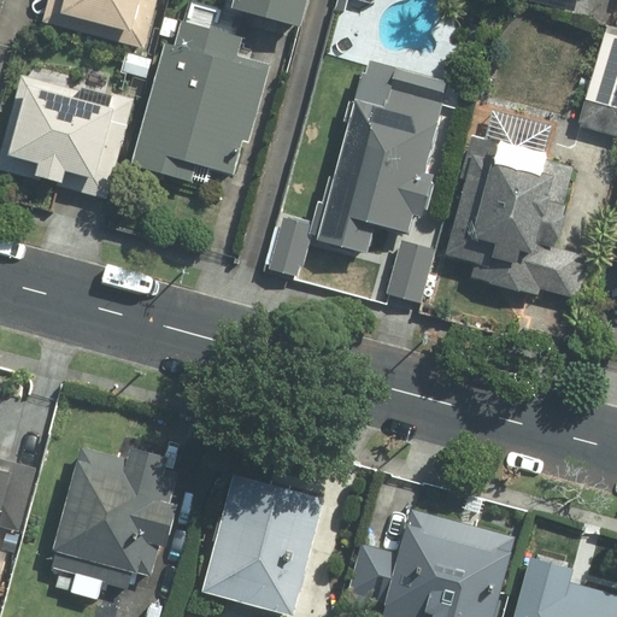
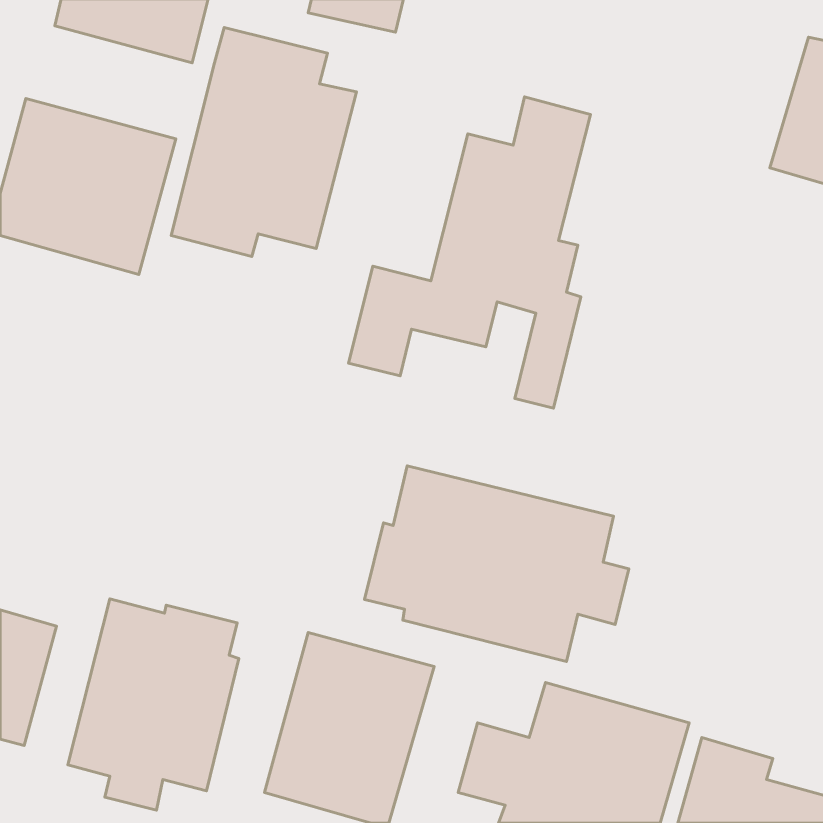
building: [440,102,586,298] -> none
building: none -> [365,466,629,661]

